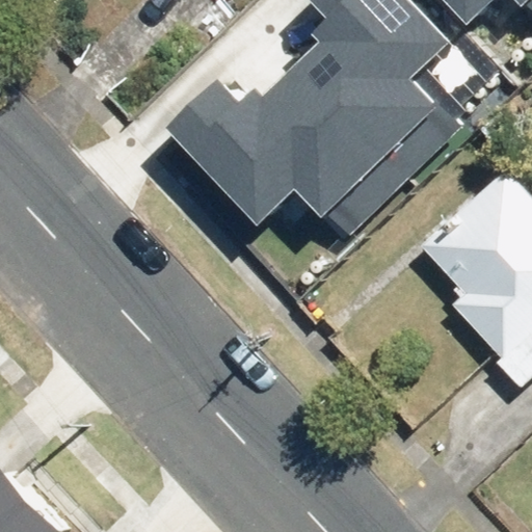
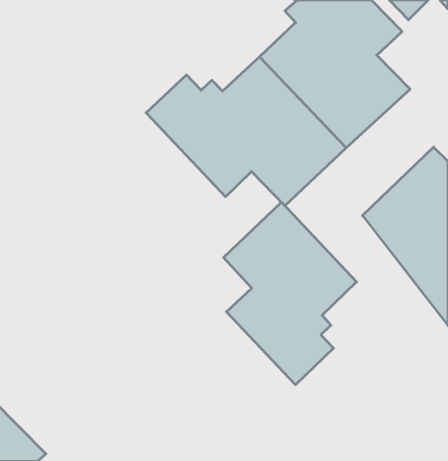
building: none -> [224,202,357,385]

